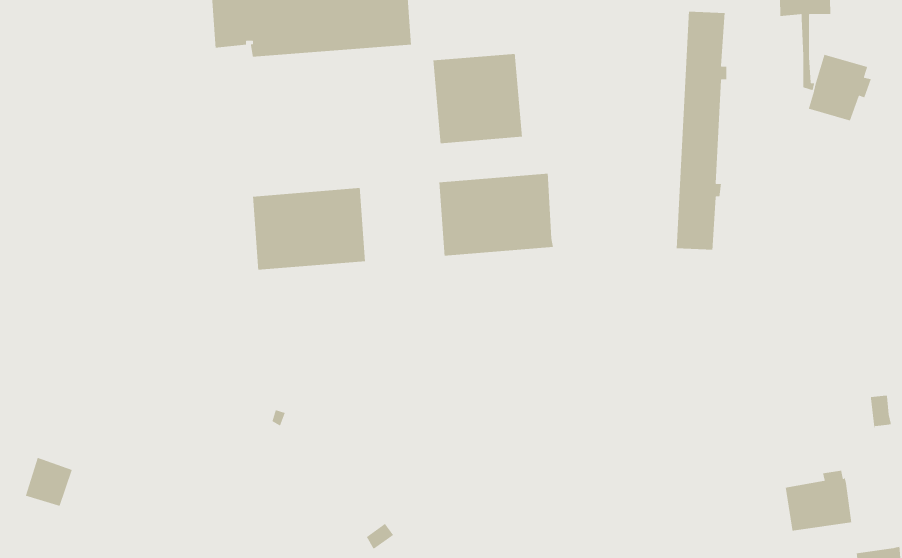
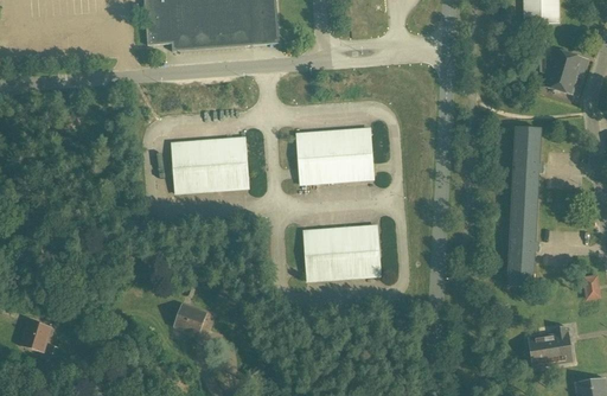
building: [676,11,727,251] -> [507,127,542,287]
building: [432,53,523,144] -> none
building: none -> [304,225,379,281]
building: none -> [173,302,207,334]

